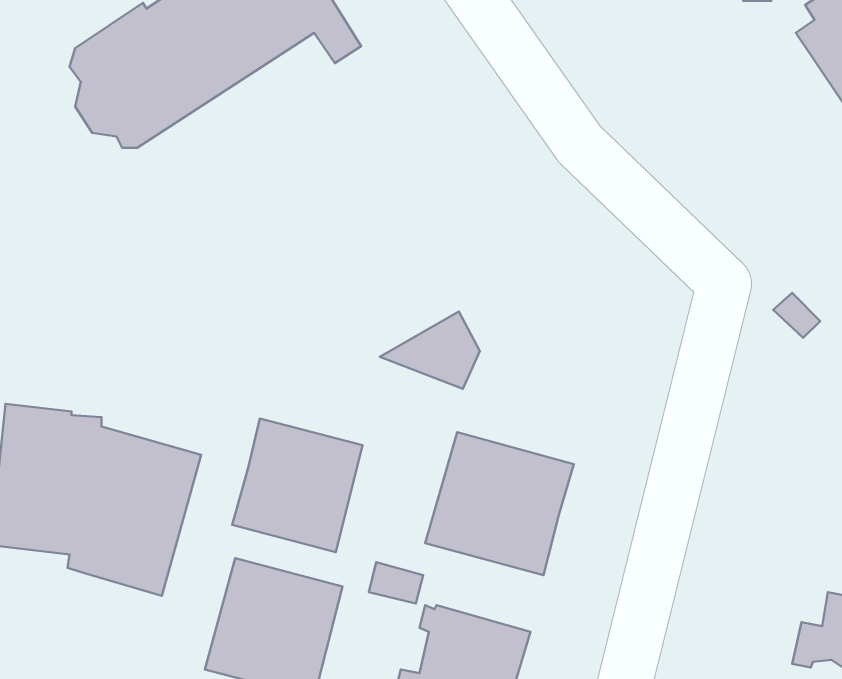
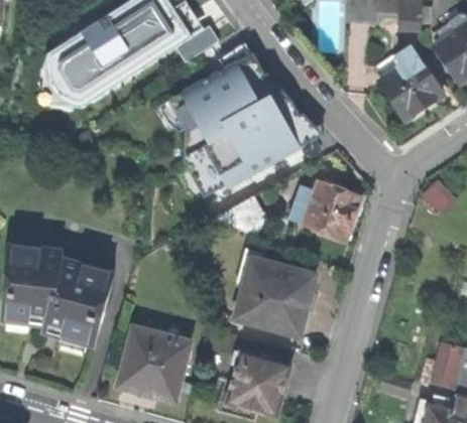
building: none -> [374,43,443,119]
building: none -> [168,51,309,191]
building: none -> [291,181,362,240]
building: [232,418,362,552] -> none

